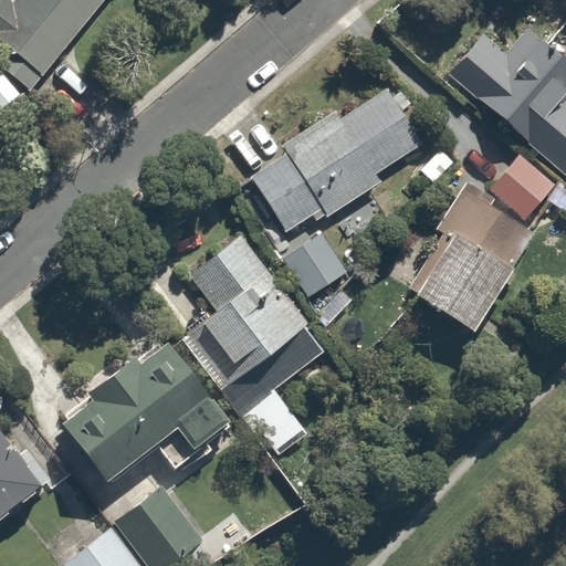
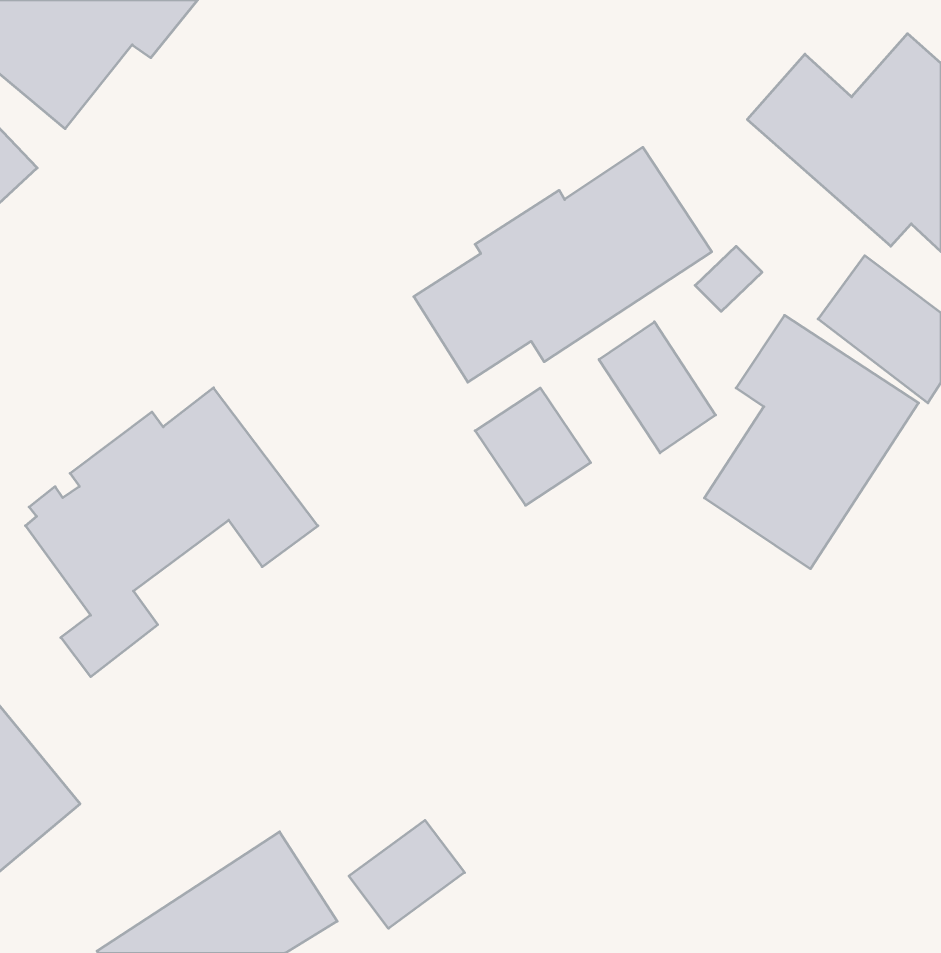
building: none -> [599,322,716,453]
building: [184,232,322,396] -> none
building: [63,343,237,514] -> [25,388,318,677]
building: none -> [349,820,465,928]

